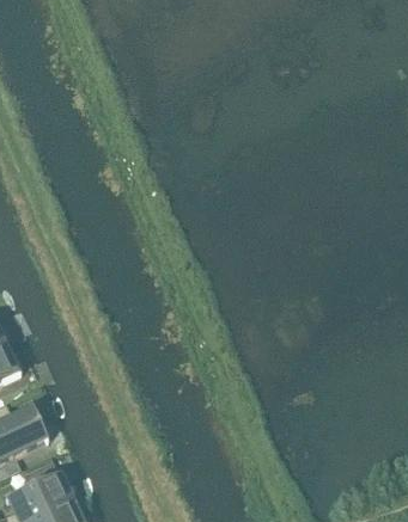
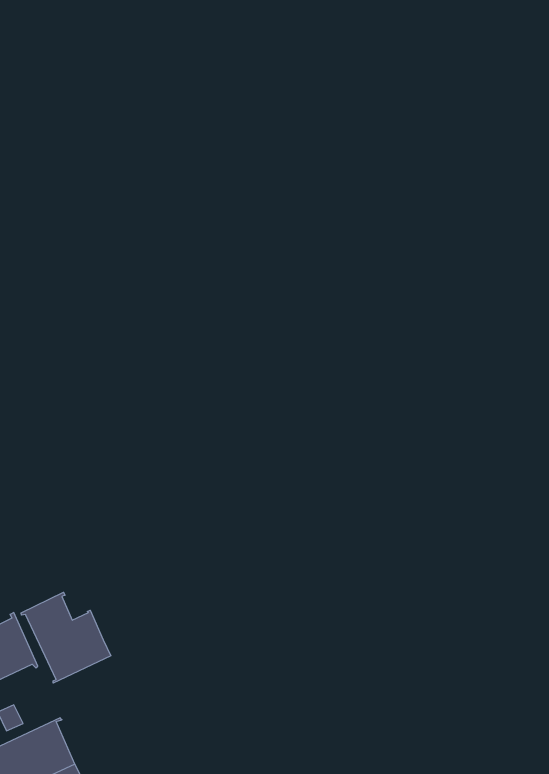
building: none -> [21,592,111,683]

